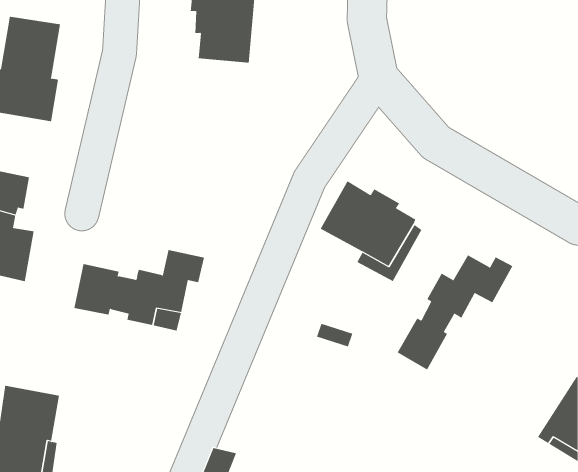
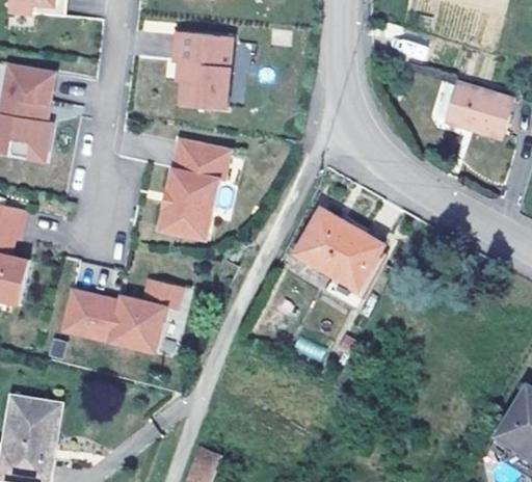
building: none -> [440,83,509,140]
building: none -> [163,136,232,235]
building: [397,255,513,371] -> none

